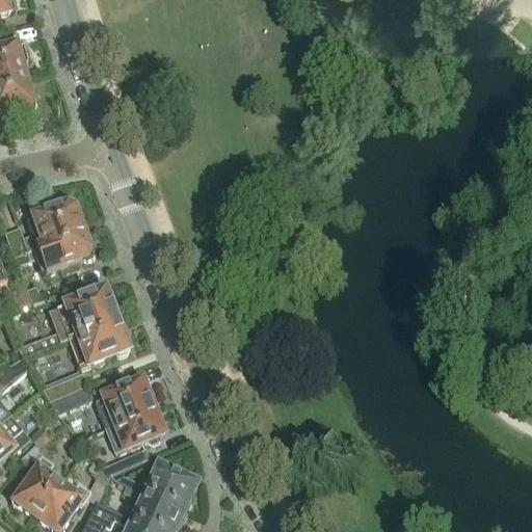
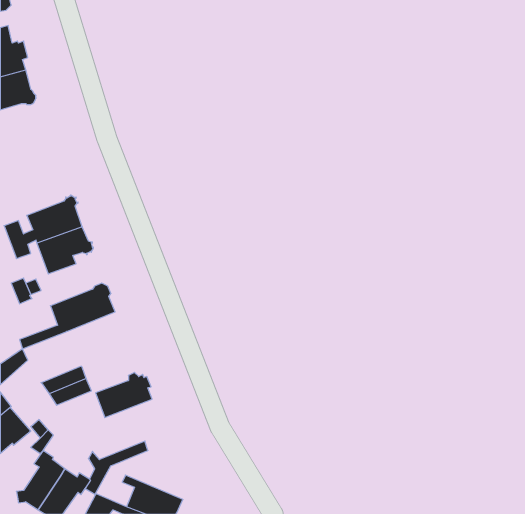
building: [68,316,130,366] -> none
building: [106,404,166,450] -> none
building: [116,459,196,506] -> none

